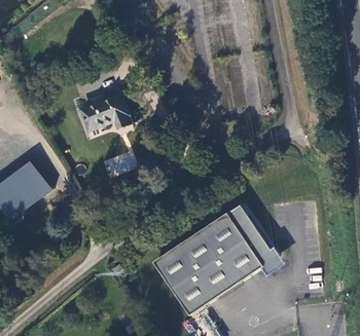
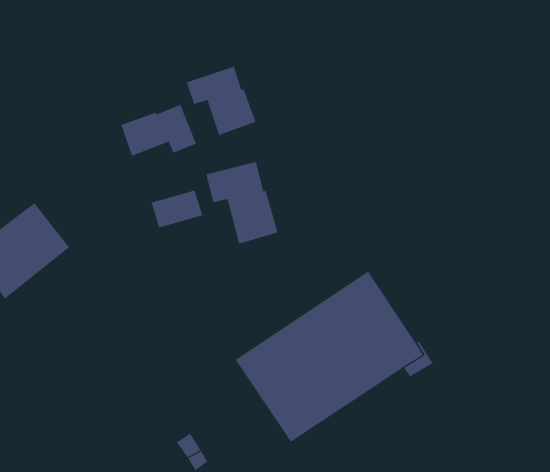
building: none -> [186,66,256,136]
building: none -> [206,161,278,244]

